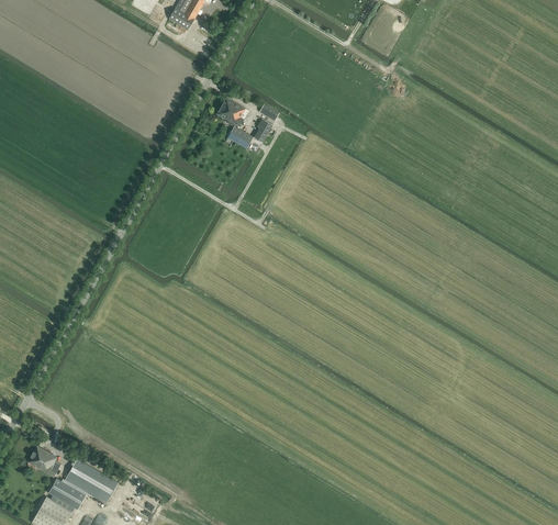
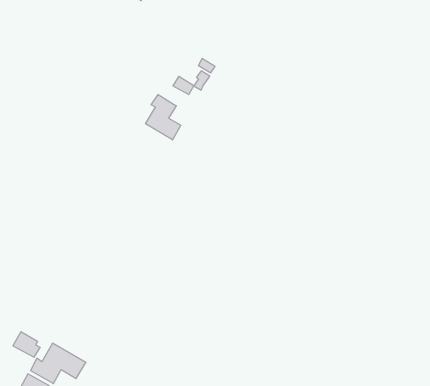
building: [216,98,245,127] -> none
building: none -> [146,95,181,140]

